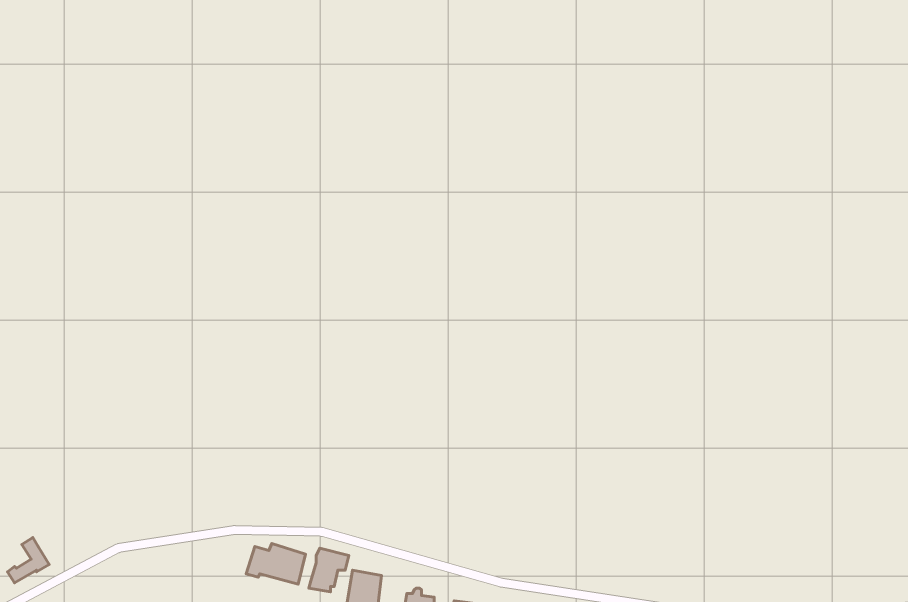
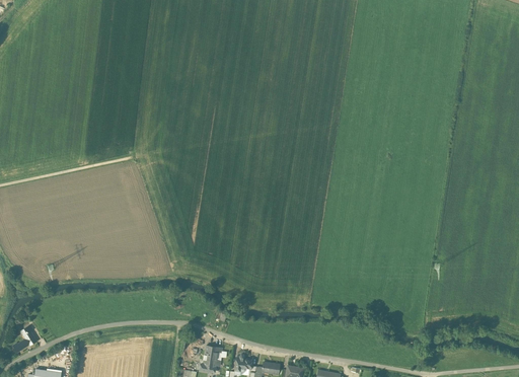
building: [246,544,306,584] -> none

